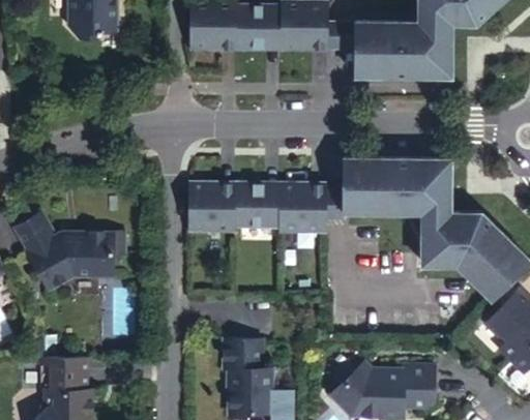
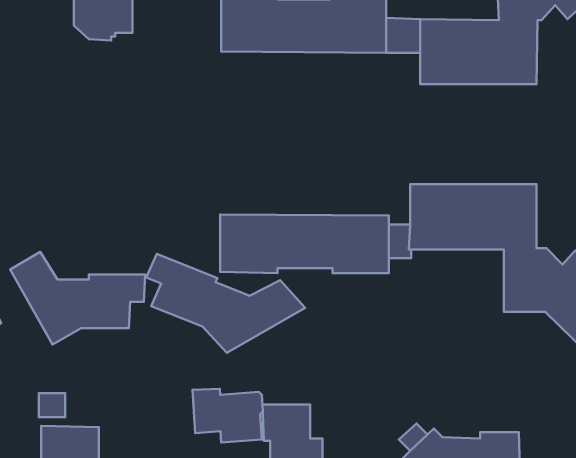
building: none -> [146,254,305,353]
building: none -> [192,389,263,443]

